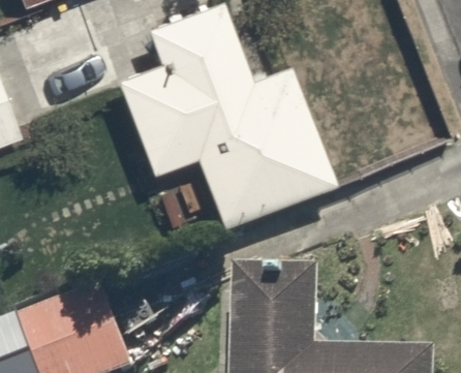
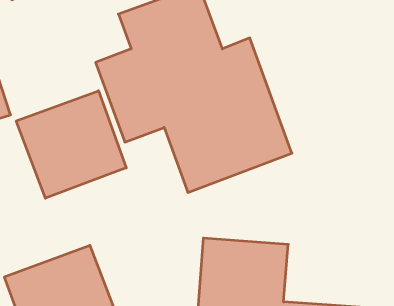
building: none -> [16,91,126,198]

